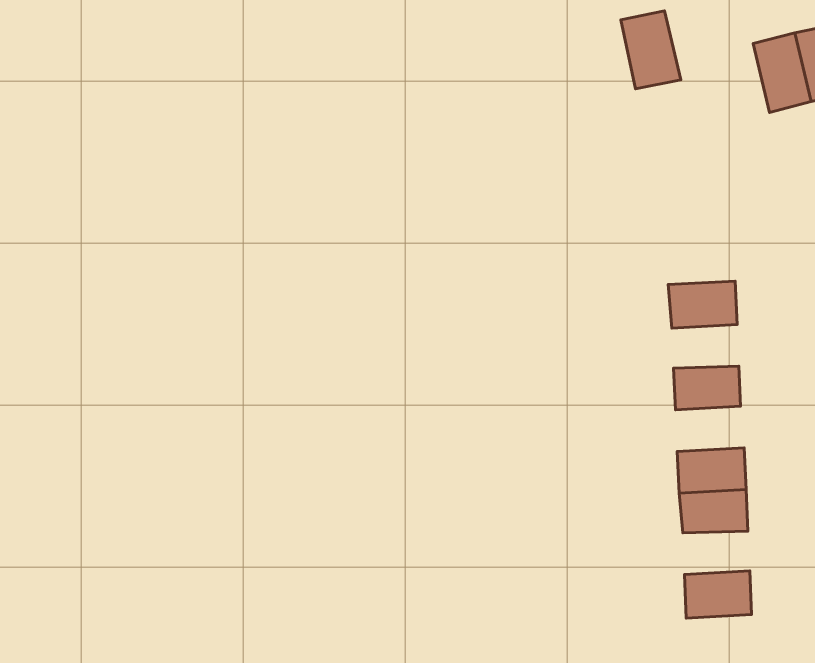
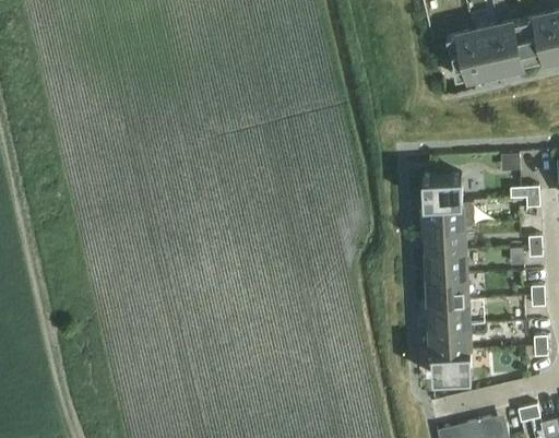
building: [621,11,681,89] -> [447,33,483,80]
building: none -> [424,202,464,228]
building: none -> [426,251,467,279]
building: none -> [430,327,471,353]

